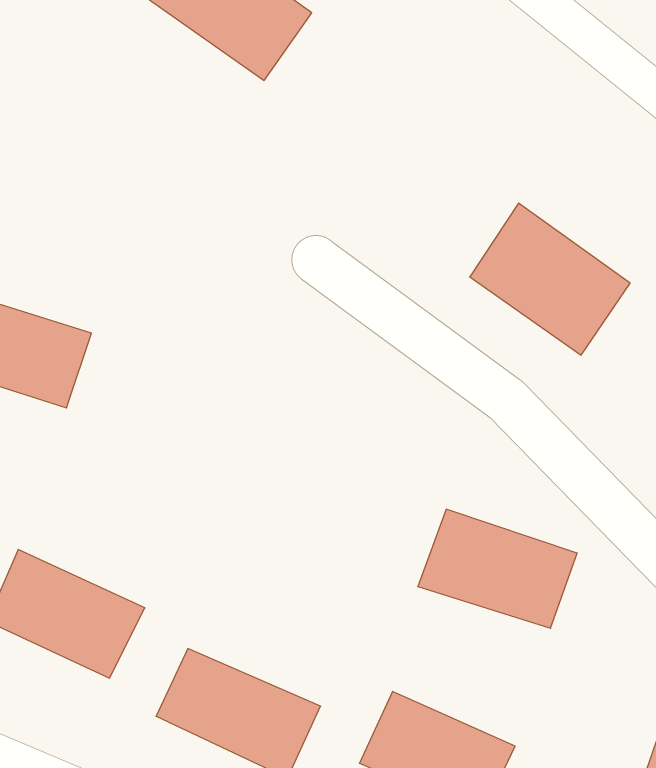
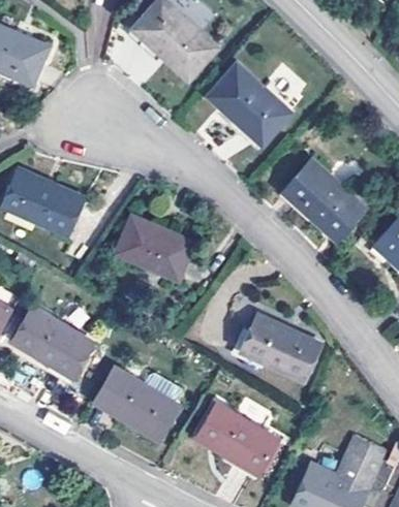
building: none -> [209,64,293,147]
building: none -> [115,214,195,281]

